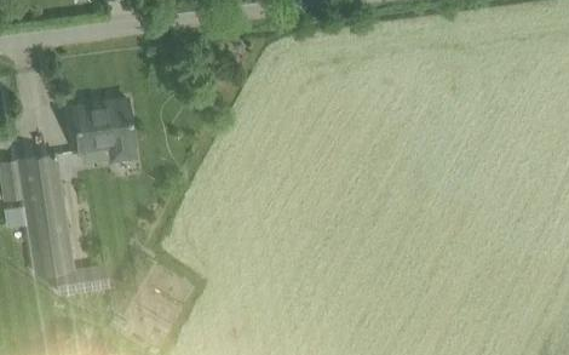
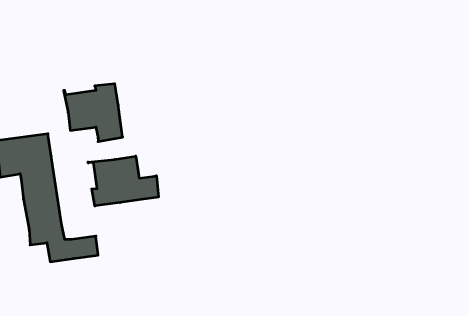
building: none -> [88,156,158,206]

